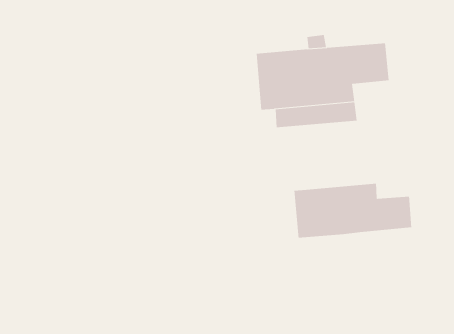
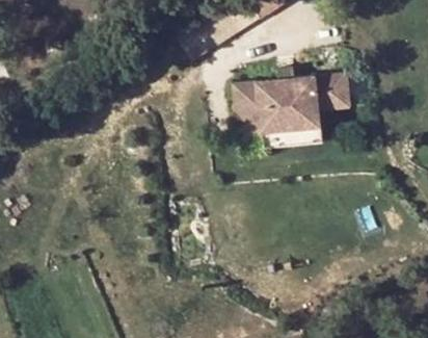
building: [294,183,412,239] -> none

